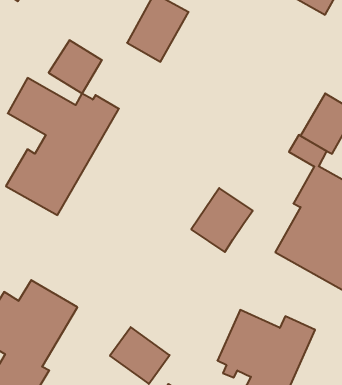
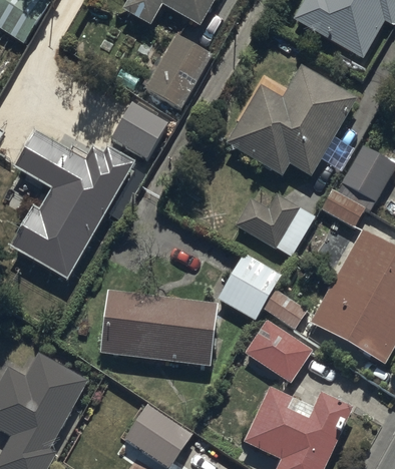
building: none -> [227,63,360,176]
building: [49,40,102,93] -> [110,100,169,159]
building: none -> [235,192,316,257]
building: none -> [99,288,219,366]
building: none -> [245,289,313,382]

